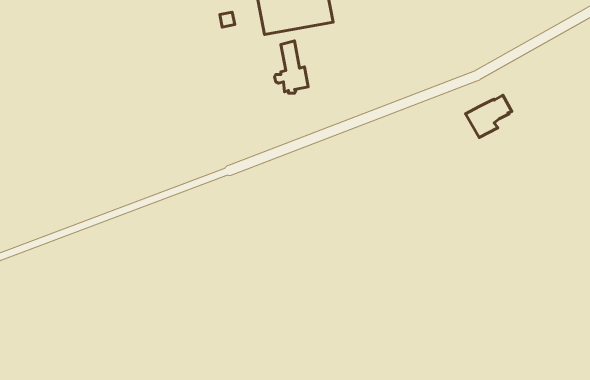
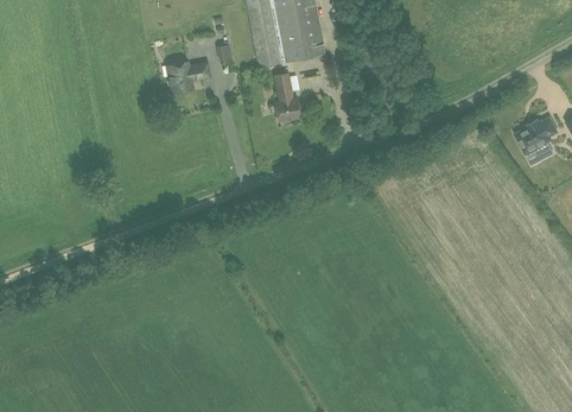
building: none -> [169,59,210,91]
building: [466,95,512,138] -> [514,115,558,156]

